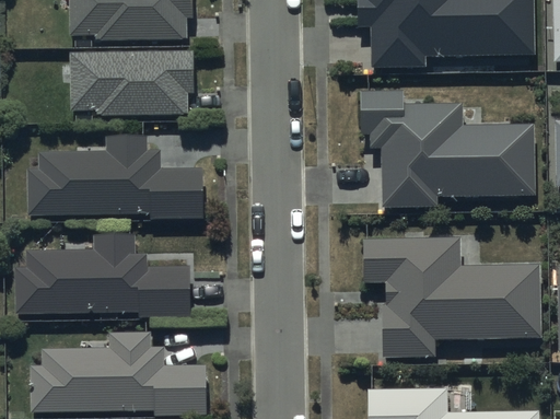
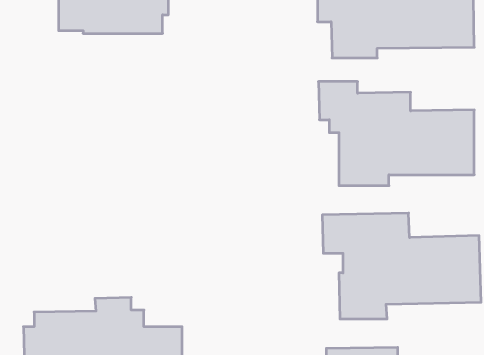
building: [69,50,192,115] -> none
building: [27,136,203,219] -> none
building: [15,234,189,317] -> none

